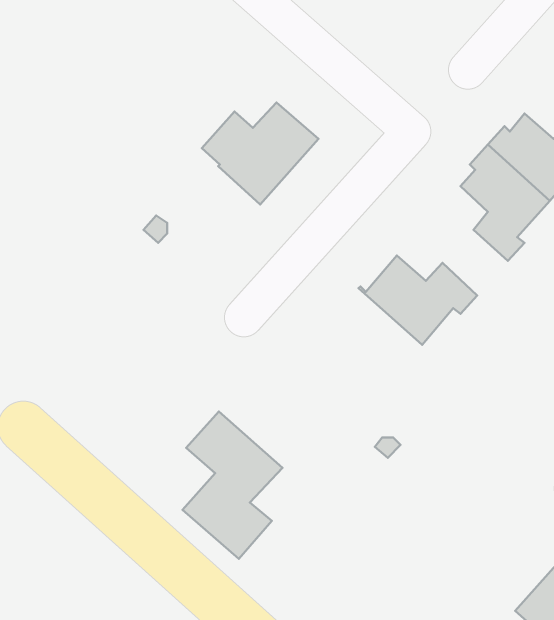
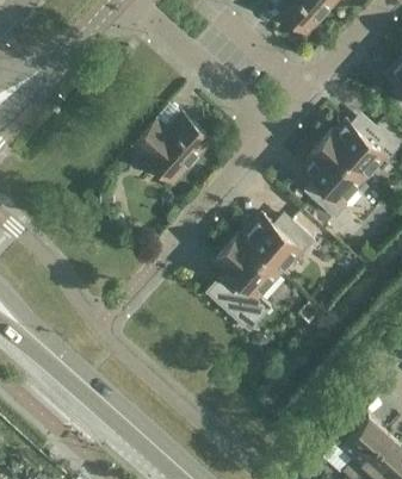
building: [182,411,283,559] -> [214,236,279,332]

